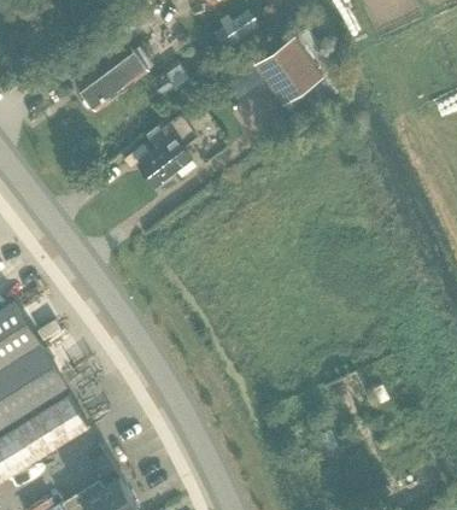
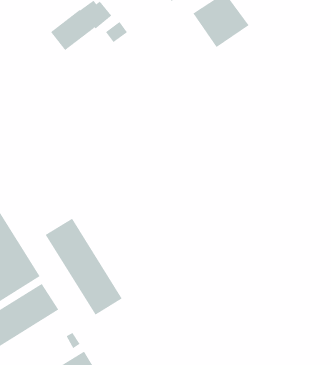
building: [137,109,198,186] -> none
building: none -> [45,218,123,316]

